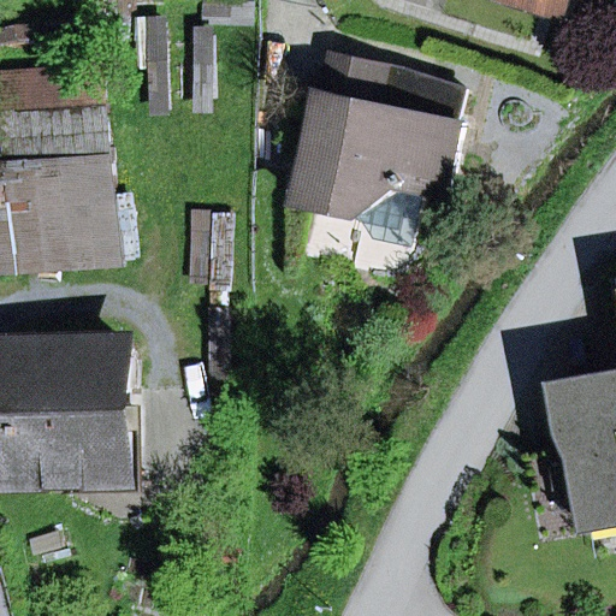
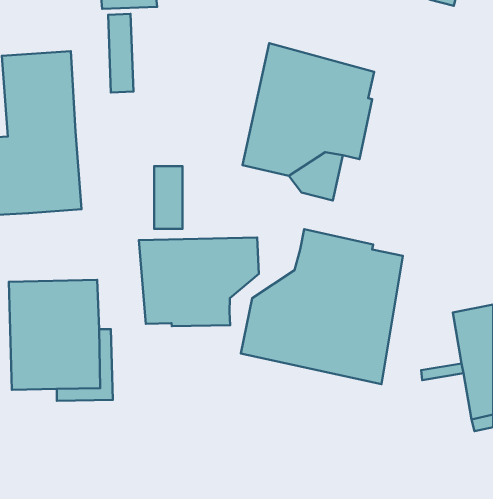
building: none -> [241,229,403,384]
building: none -> [139,238,259,326]

